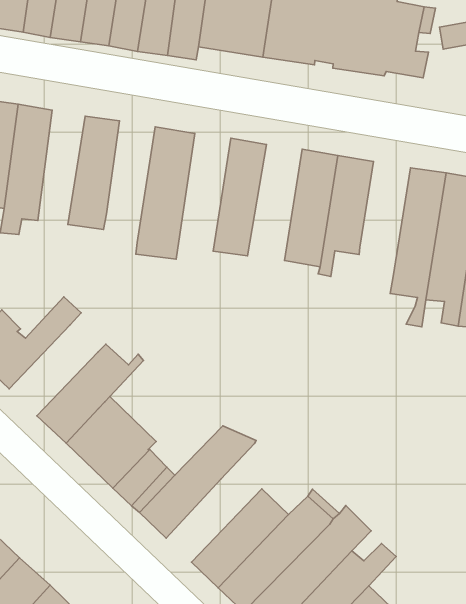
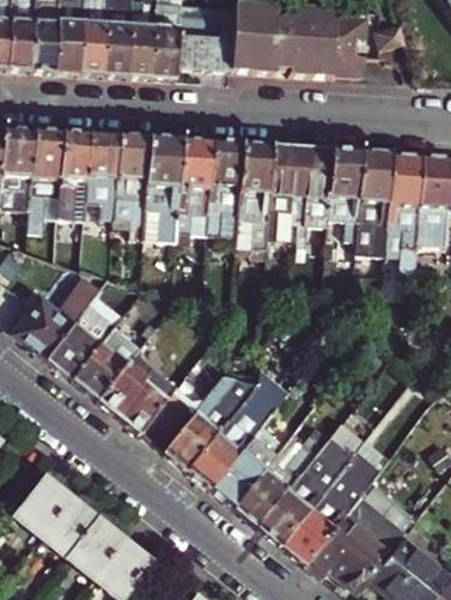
building: none -> [60,128,91,222]
building: none -> [116,132,150,241]
building: none -> [177,137,213,243]
building: none -> [236,140,273,255]
building: none -> [328,146,364,240]
building: none -> [49,304,120,382]
building: none -> [190,388,279,491]

